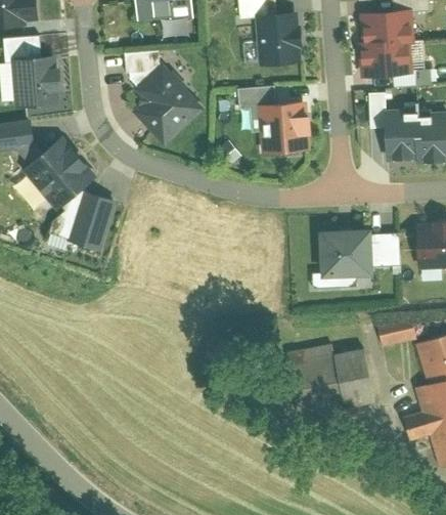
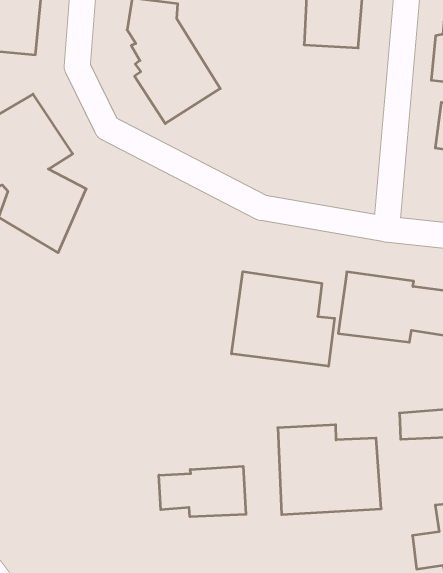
building: [238,85,314,156] -> none
building: none -> [232,272,335,366]
building: none -> [159,466,246,517]

